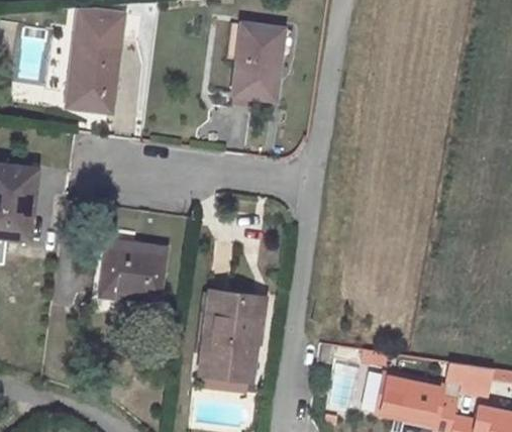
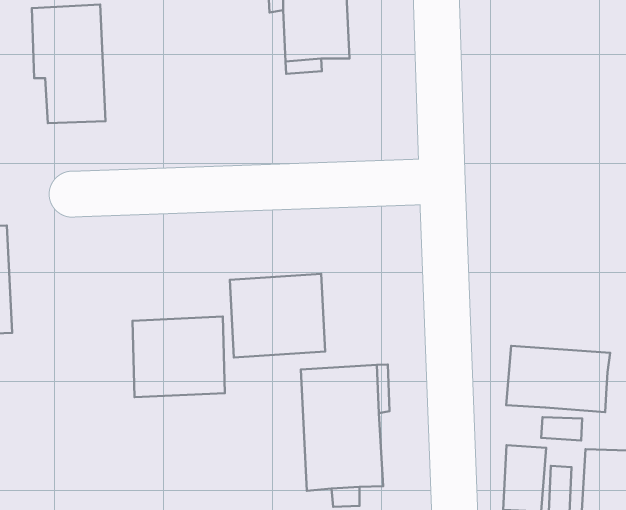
building: none -> [230,274,325,358]
building: none -> [506,346,610,412]

